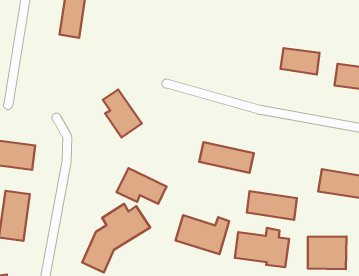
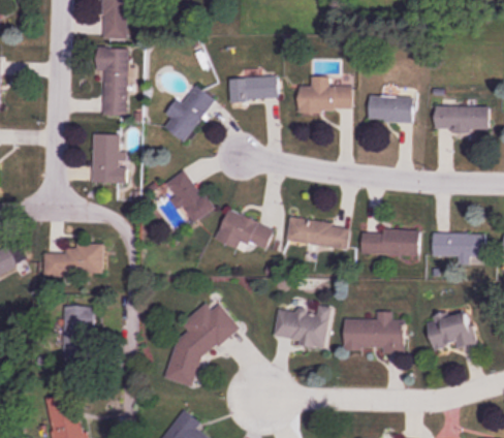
building: none -> [230,75,278,101]
building: none -> [163,86,215,142]
building: none -> [298,76,352,111]
building: none -> [92,134,120,184]
building: [117,168,166,204] -> [216,212,274,250]
building: [247,191,297,220] -> [363,229,419,256]

